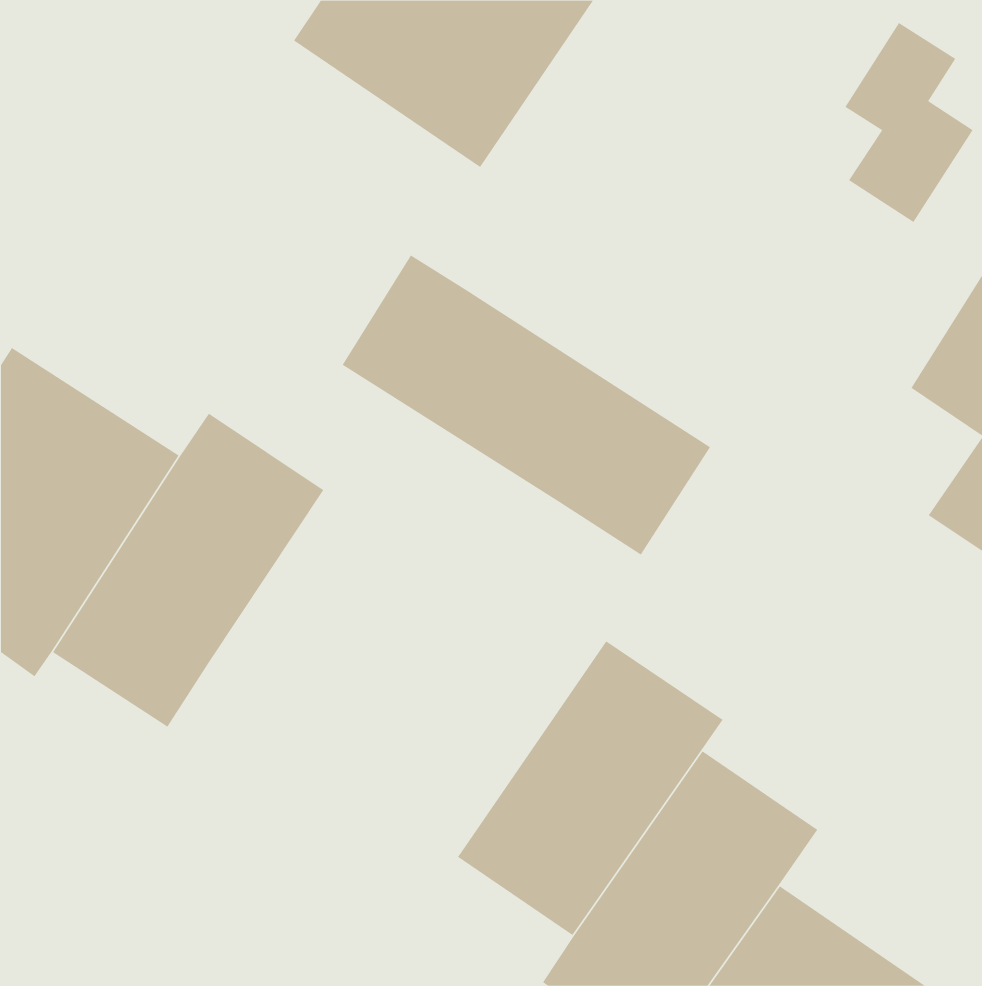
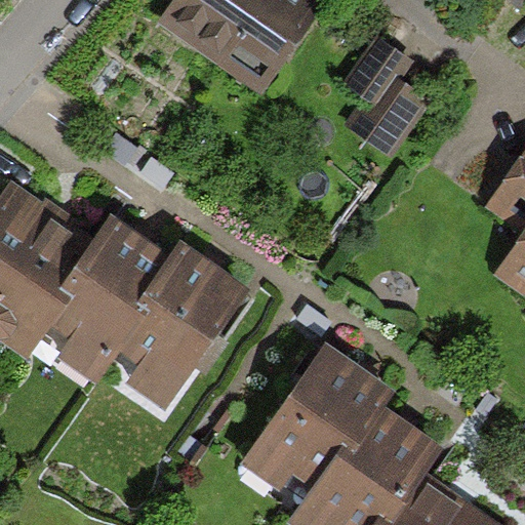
building: [844,22,974,223] -> [349,37,417,144]
building: [342,255,711,555] -> none
building: none -> [114,252,243,414]

